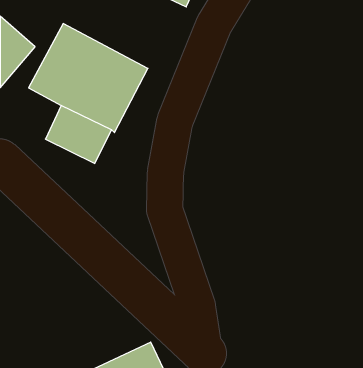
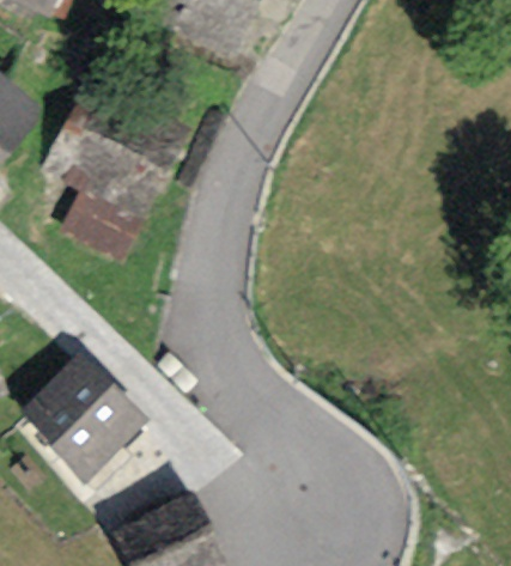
building: none -> [19,352,147,480]

